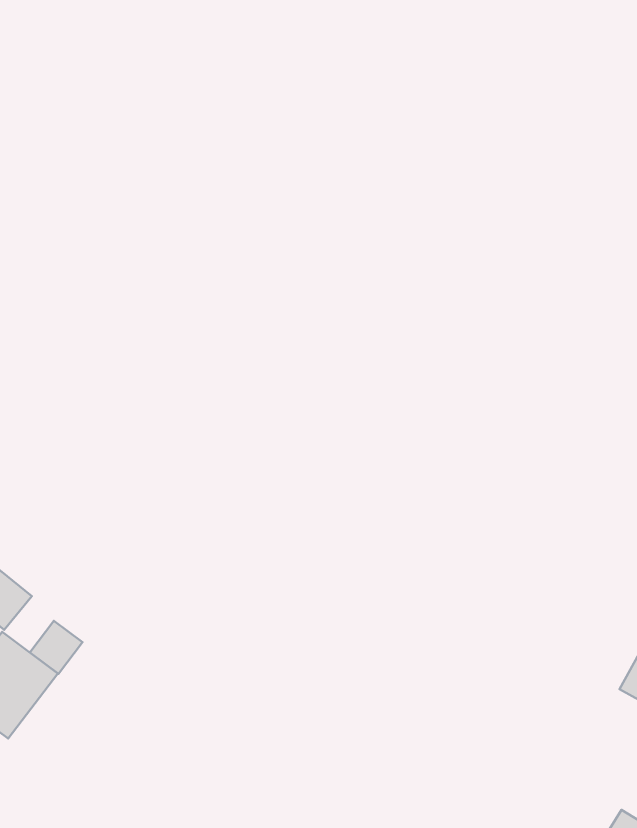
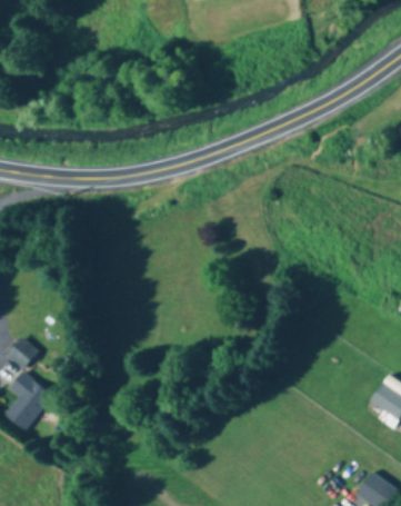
building: [30,621,82,674] -> none

